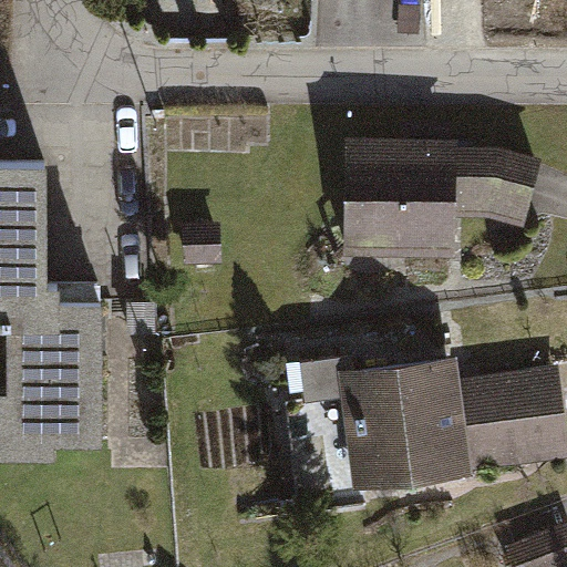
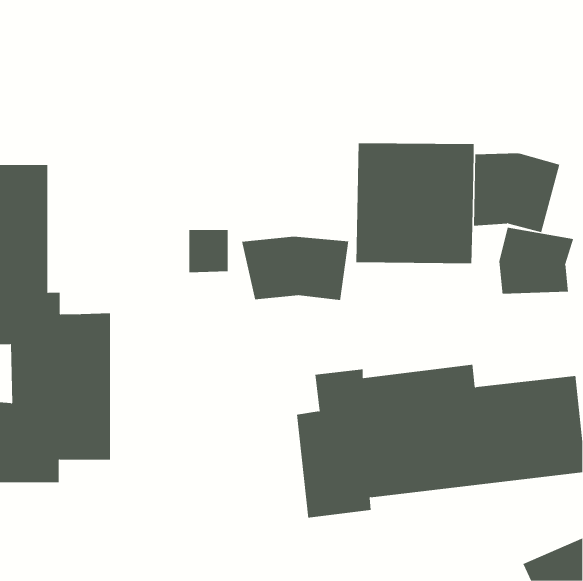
building: none -> [499,227,574,295]
building: none -> [241,236,349,301]

